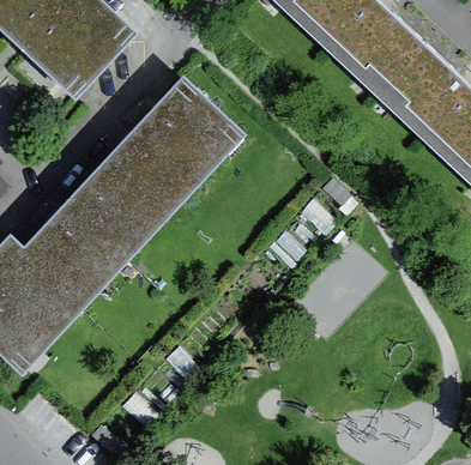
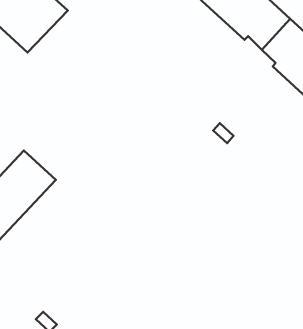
building: [76,89,235,253] -> none

